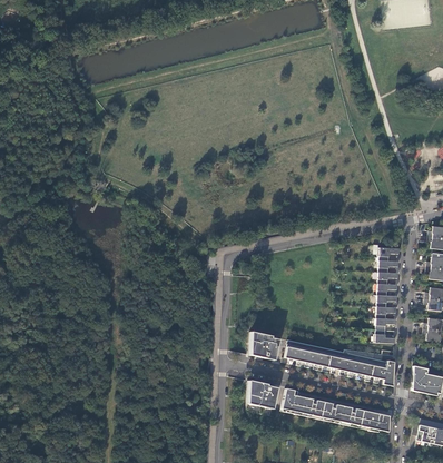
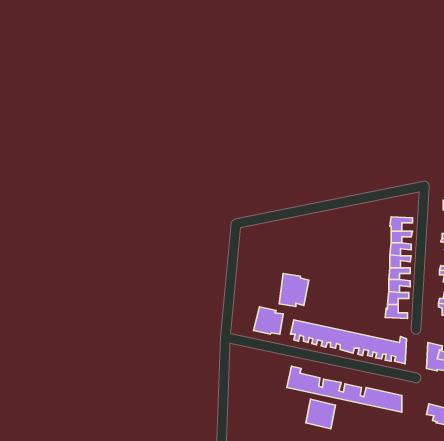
building: none -> [279,273,309,307]
building: [249,380,277,407] -> [306,399,336,429]

